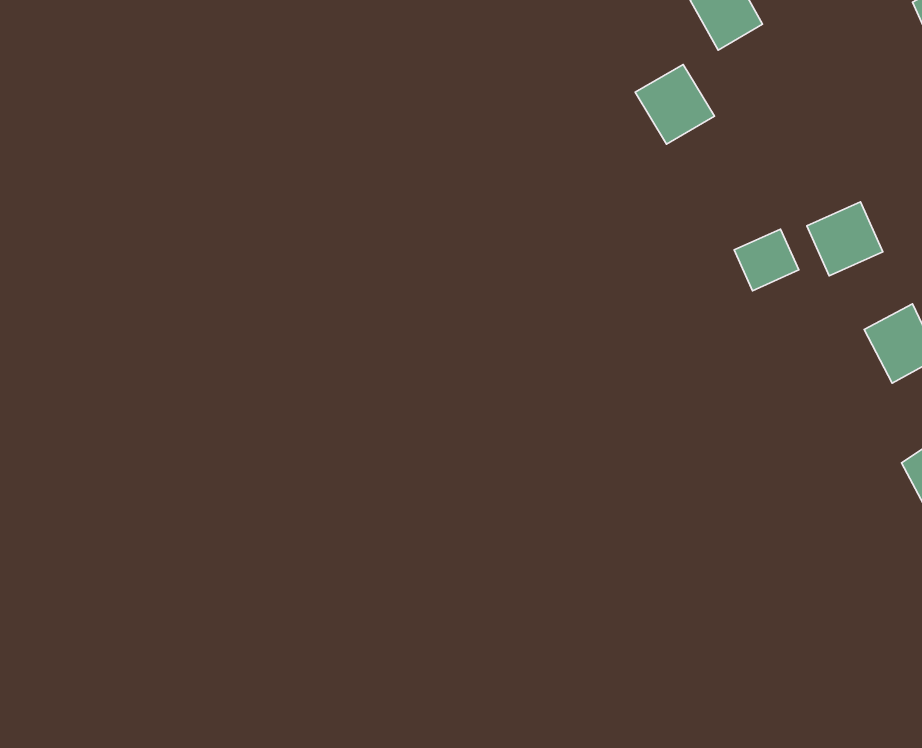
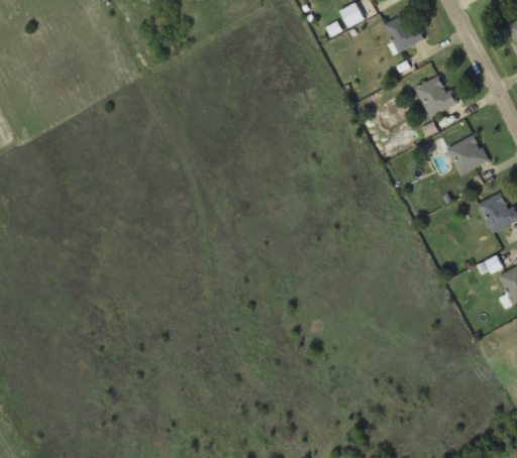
building: [635,65,715,144] -> [414,74,457,117]
building: [734,229,799,291] -> none

